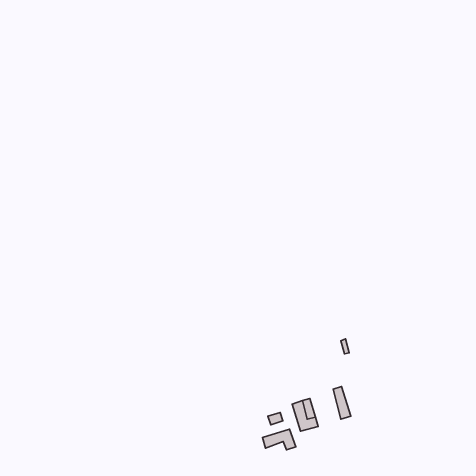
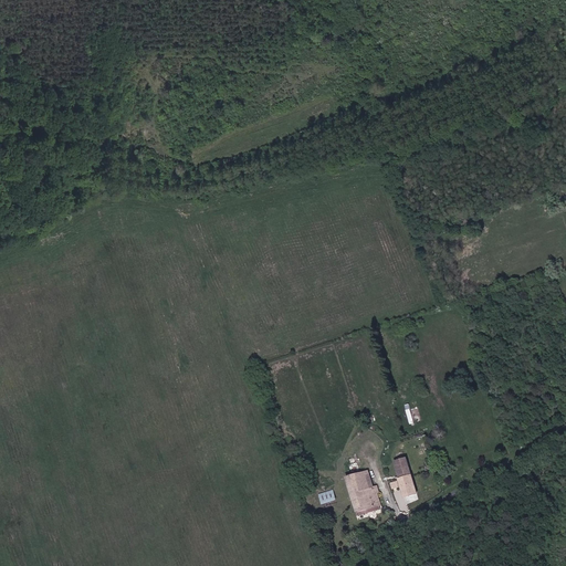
building: [263,429,296,450] -> none

